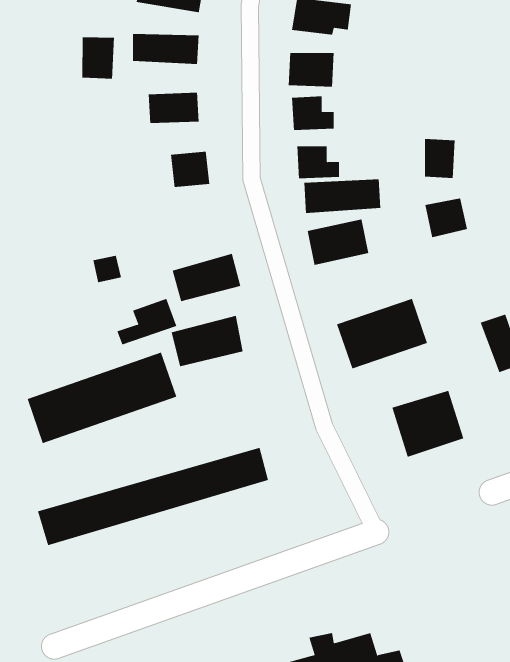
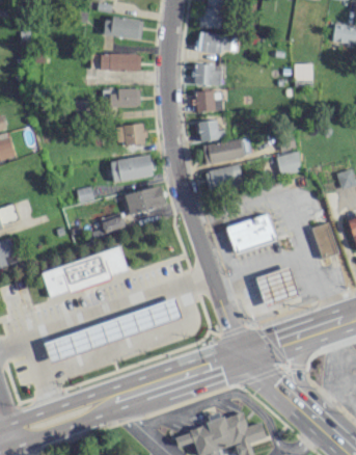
building: [82,36,115,79] -> none
building: [424,139,455,178] -> [295,63,313,87]
building: [171,315,243,367] -> [110,153,154,184]

